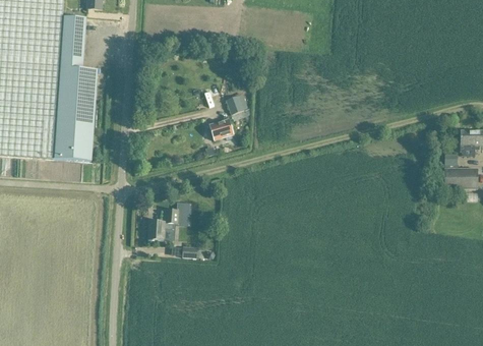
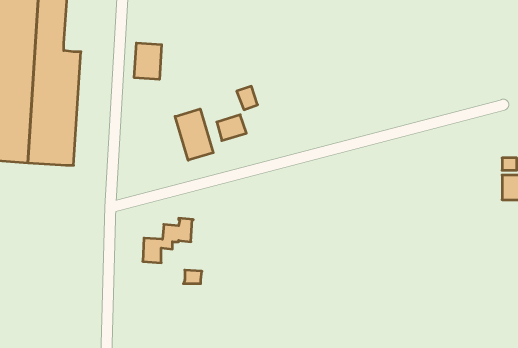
building: none -> [134,43,162,79]
building: none -> [175,109,213,160]

